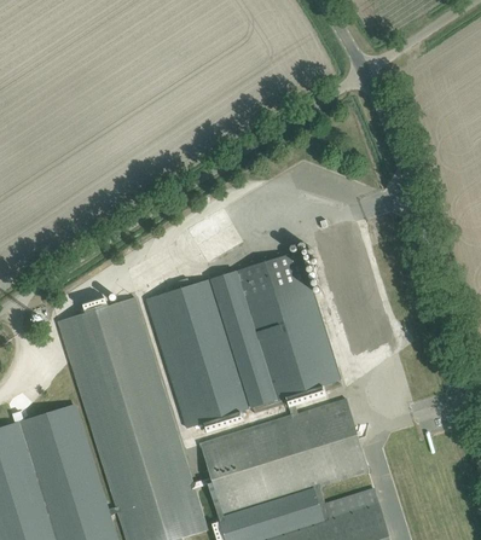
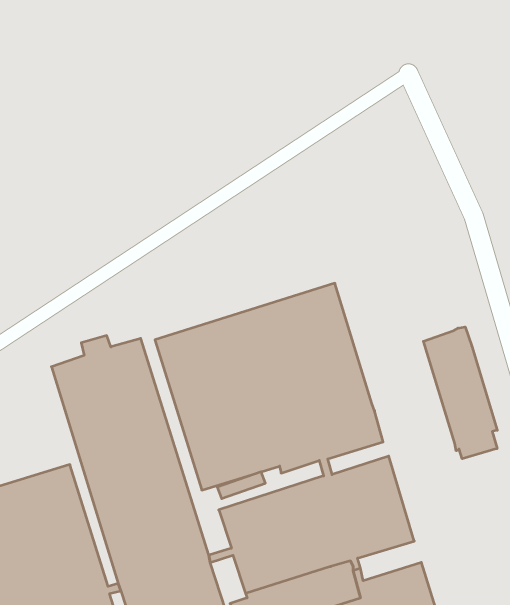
building: none -> [423,327,497,459]

